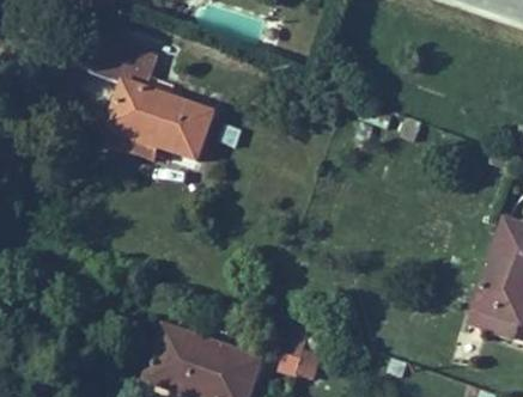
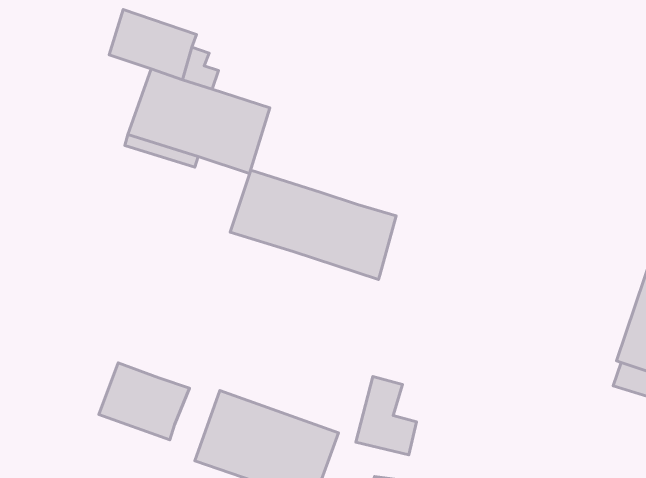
building: none -> [230,170,396,280]
building: none -> [99,363,189,440]

